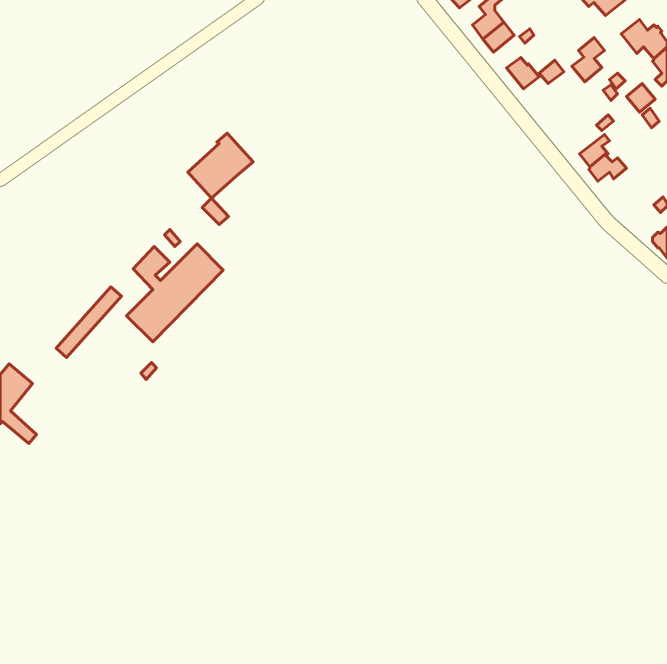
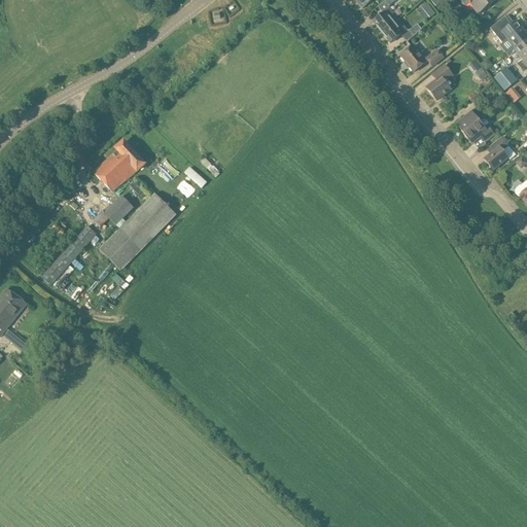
building: [572,38,605,82] -> [427,64,453,99]
building: [188,133,253,198] -> [94,140,145,191]
building: none -> [484,135,515,169]

